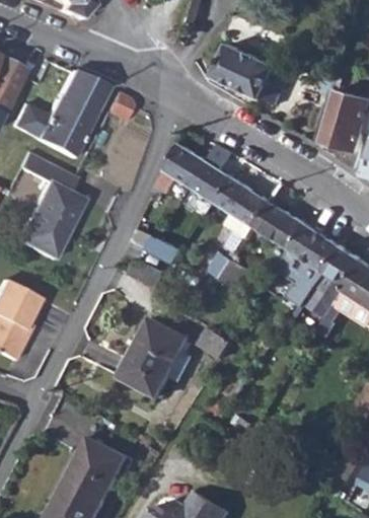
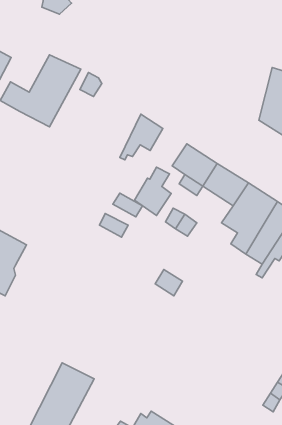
building: [215,47,291,105] -> none
building: [191,146,234,204] -> [135,167,171,216]
building: [19,152,82,256] -> none
building: [119,319,186,397] -> none

